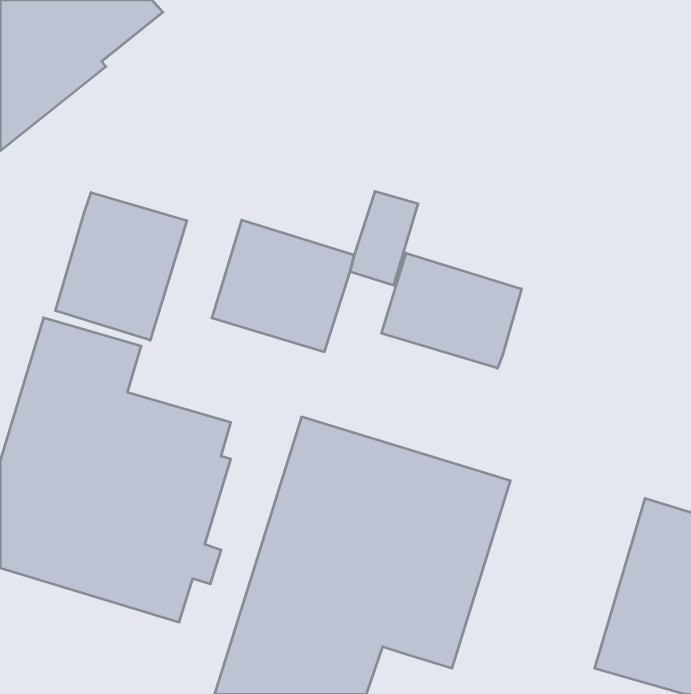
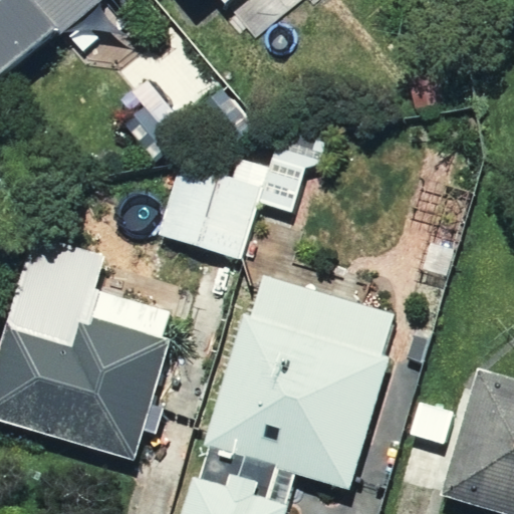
building: [55,192,187,340] -> none
building: [382,253,521,368] -> none

